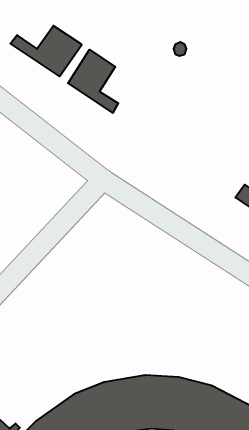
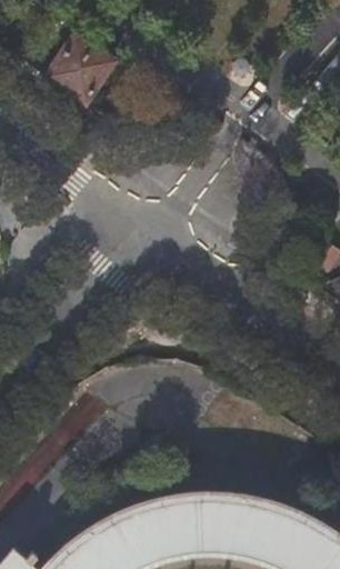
building: [68,50,118,113] -> none

